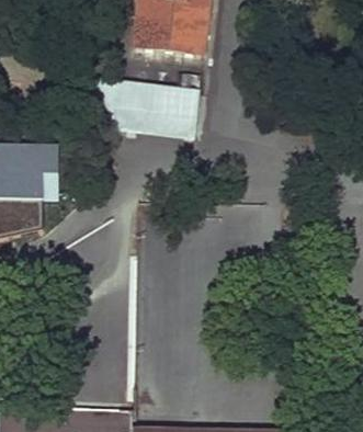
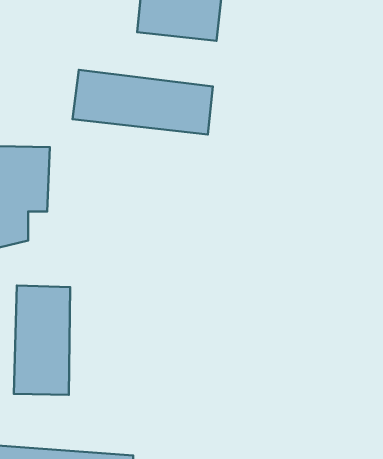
building: none -> [14,285,70,395]

